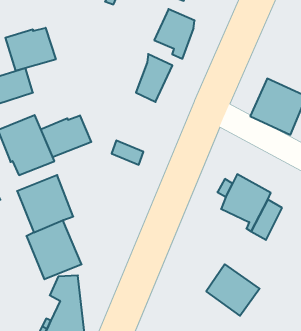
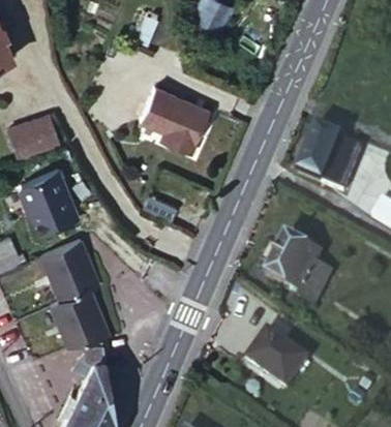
building: [154,9,195,59] -> [139,88,183,143]
building: [5,28,56,71] -> none
building: [41,115,91,157] -> none

